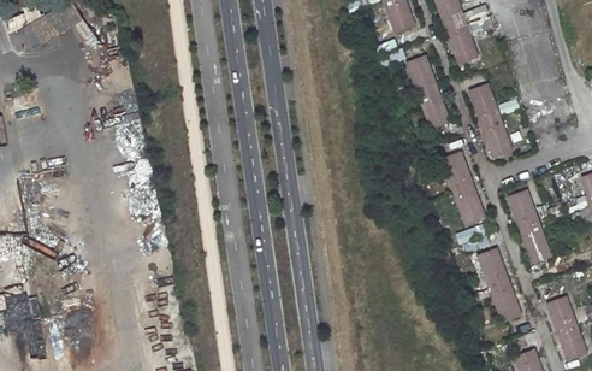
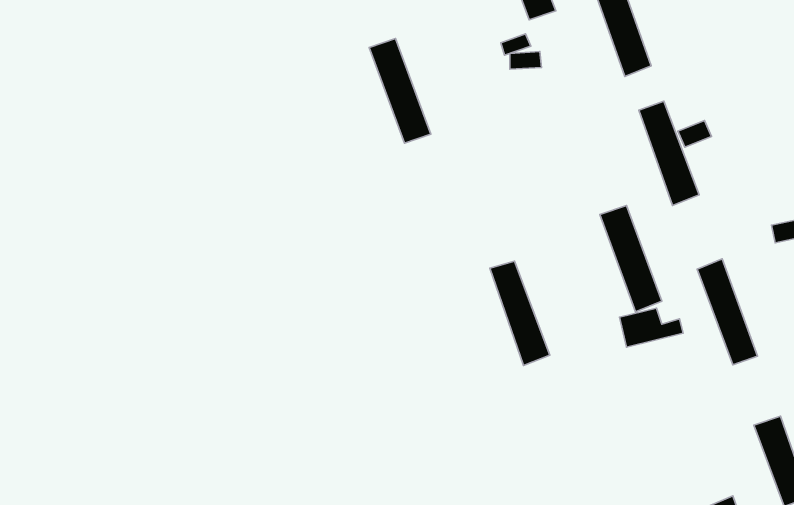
building: [407,55,449,126] -> [369,39,431,143]
building: [480,254,521,325] -> [490,261,550,366]

